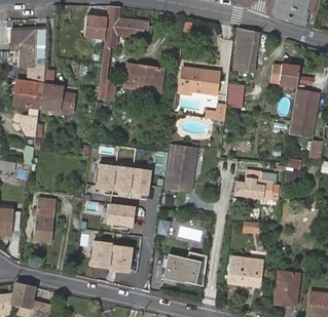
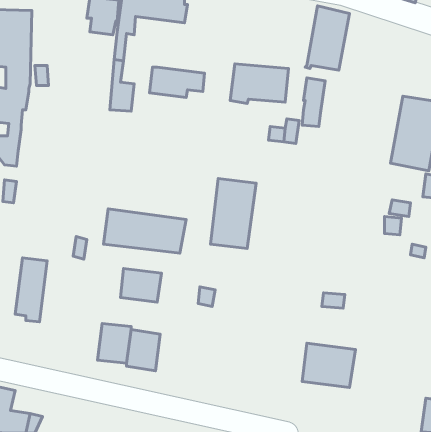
building: [270,65,299,88] -> none
building: [39,85,74,113] -> none
building: [234,177,272,198] -> none
building: [163,253,207,284] -> none
building: [274,270,299,305] -> none

